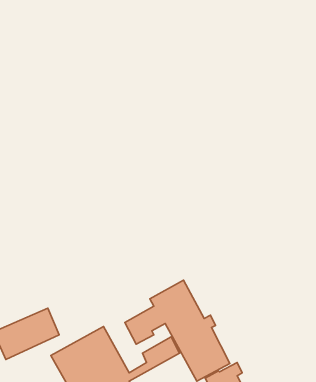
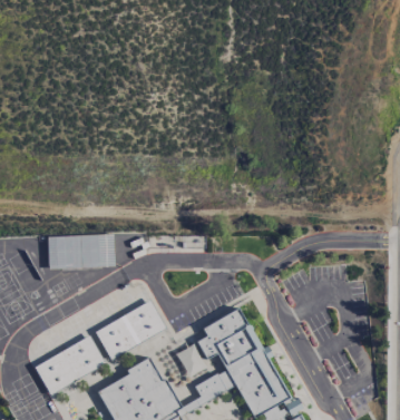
building: none -> [47,234,114,268]
building: none -> [95,301,166,359]

